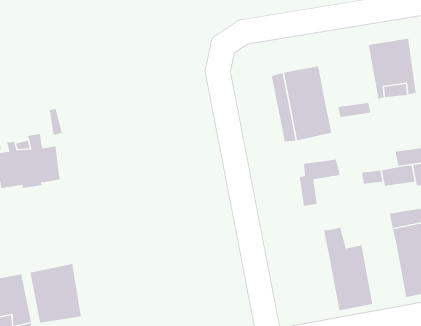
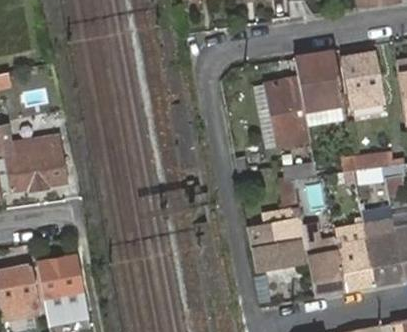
building: none -> [293,52,342,110]
building: none -> [252,206,307,270]
building: none -> [336,234,375,293]

